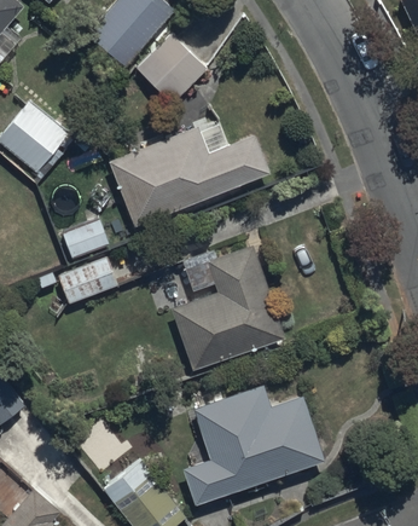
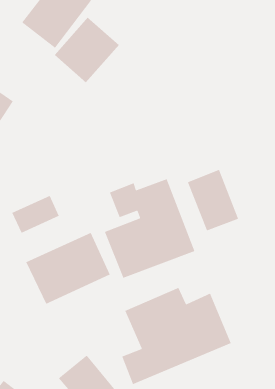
building: [109,125,271,227] -> none
building: none -> [187,169,239,232]
building: none -> [25,232,111,305]

